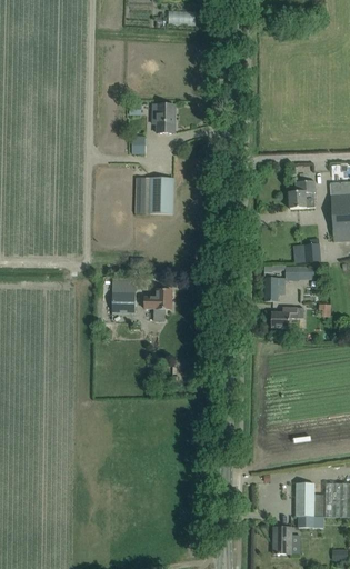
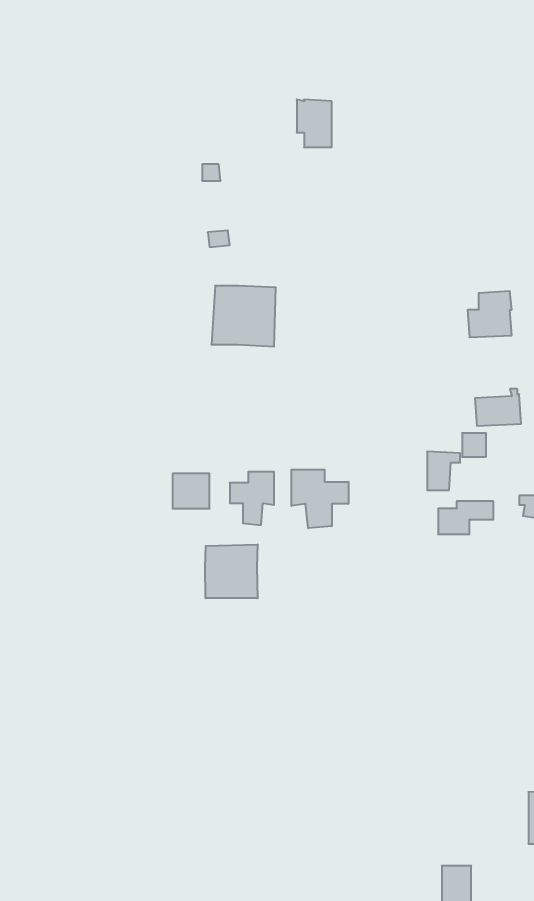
building: [153,103,174,132] -> [297,99,332,147]
building: none -> [291,470,348,528]
building: none -> [205,544,258,598]
building: [296,482,323,527] -> none

